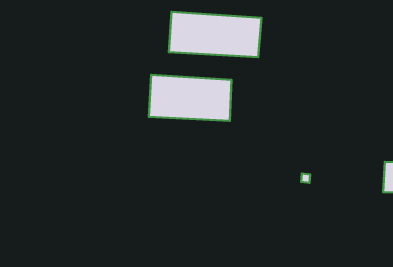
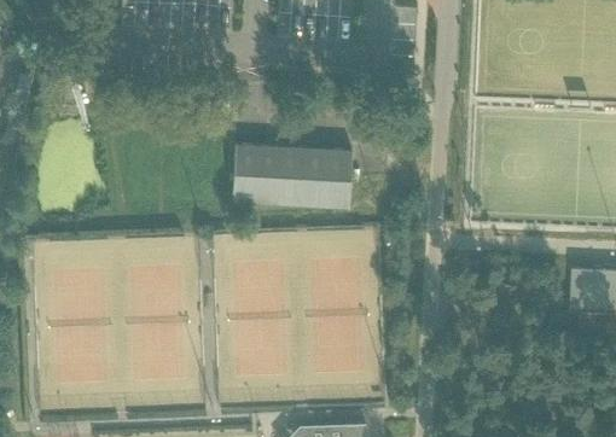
building: [169,12,261,57] -> none

